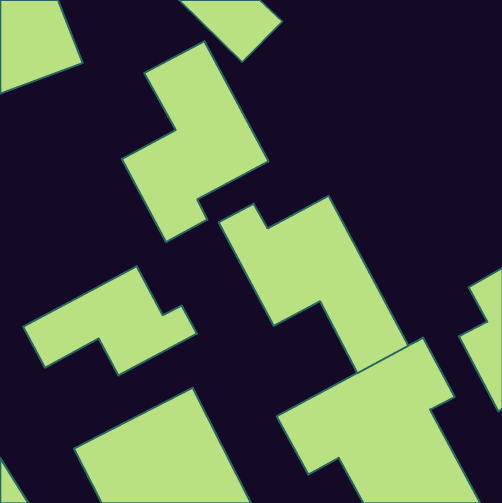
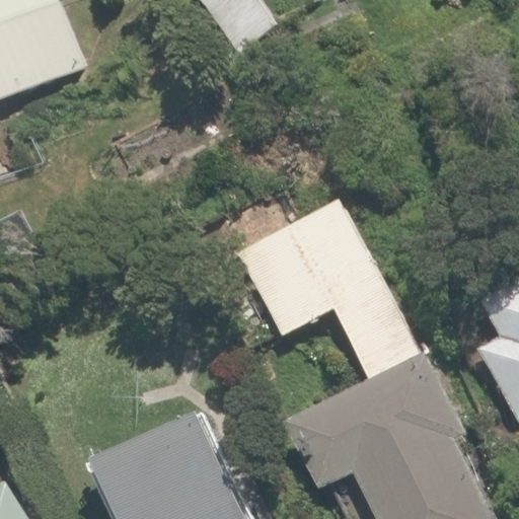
building: [122,41,268,242] -> none
building: [23,266,197,376] -> none

